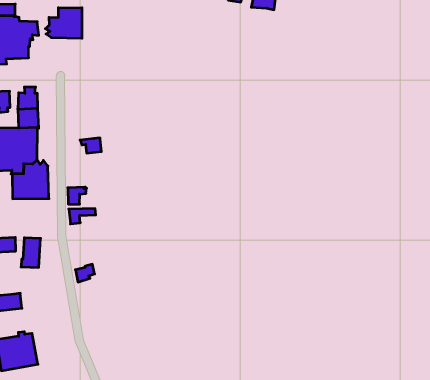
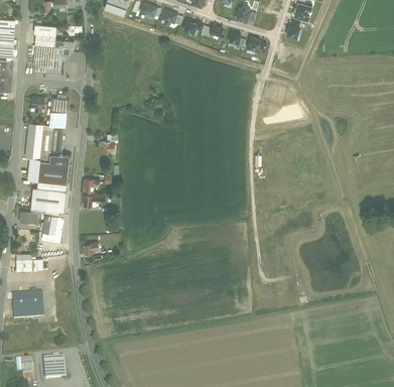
building: [45,8,82,38] -> none
building: none -> [30,181,67,215]

